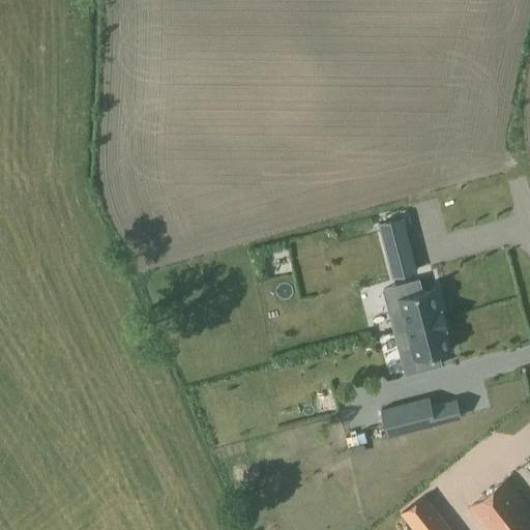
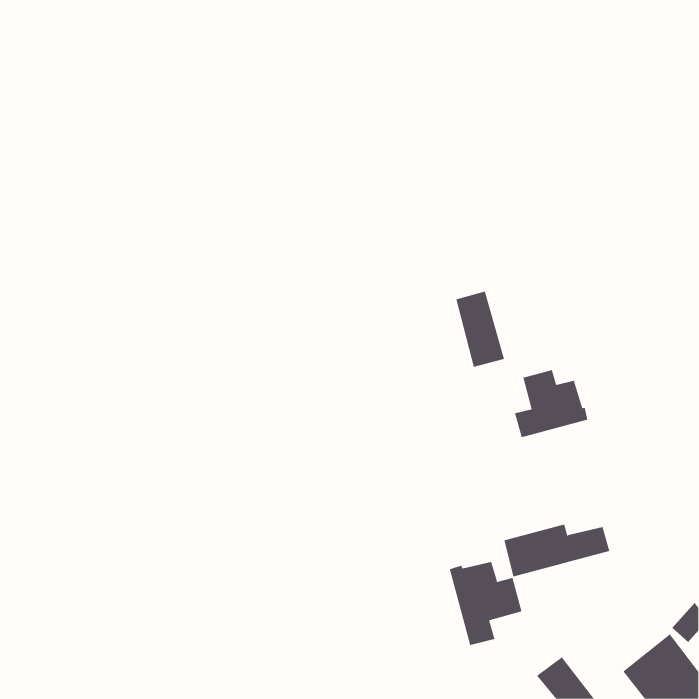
building: [379,217,416,275] -> [455,291,505,368]
building: [394,318,452,371] -> none
building: none -> [449,561,522,646]

